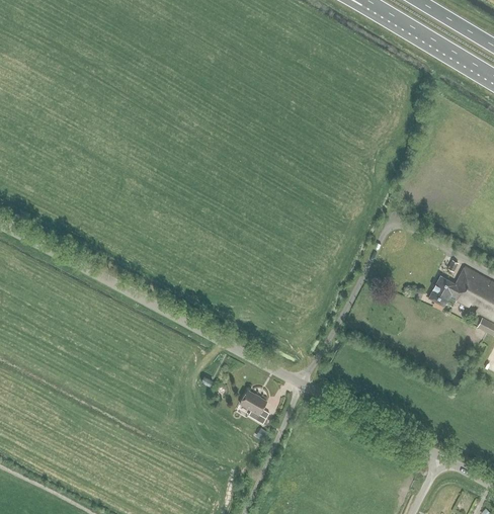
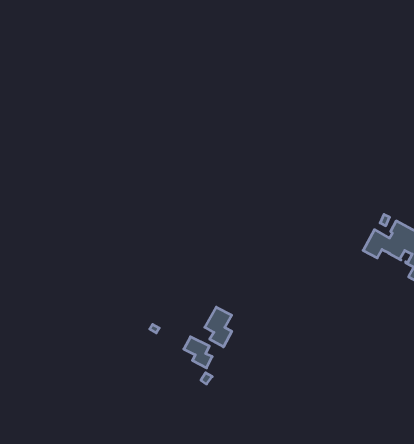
building: none -> [205,307,232,347]

